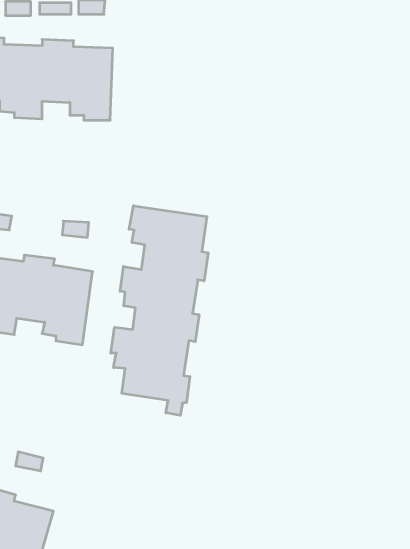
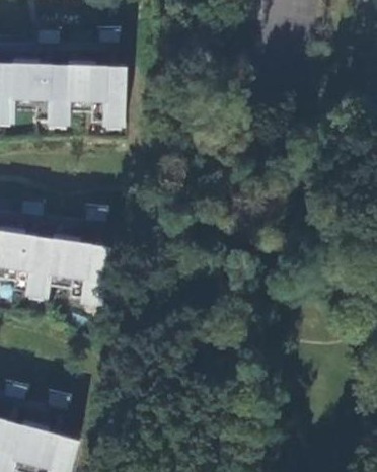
building: [111,206,208,415] -> none

